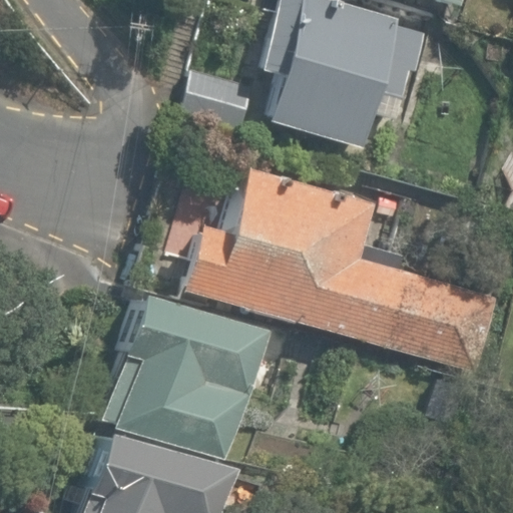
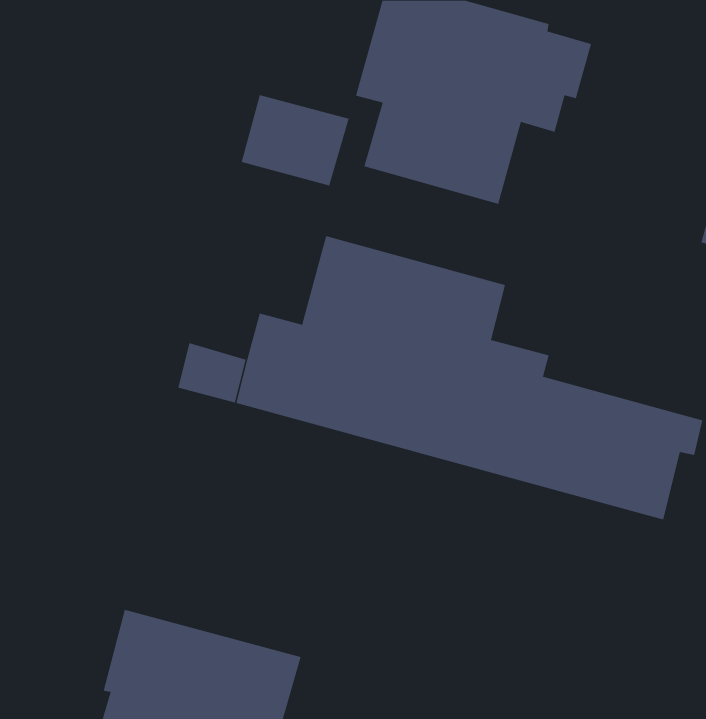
building: [106,293,263,457] -> none

